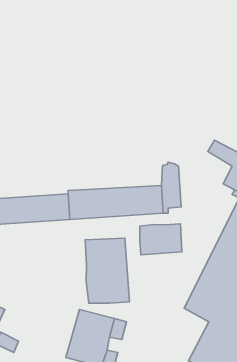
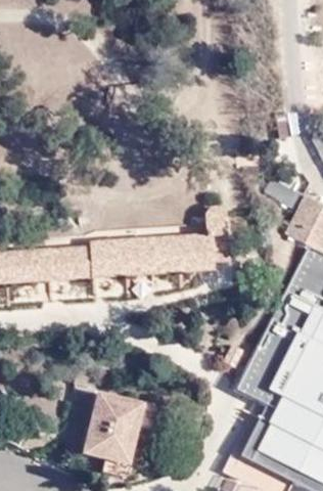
building: [140,224,182,255] -> none
building: [85,238,129,303] -> none

